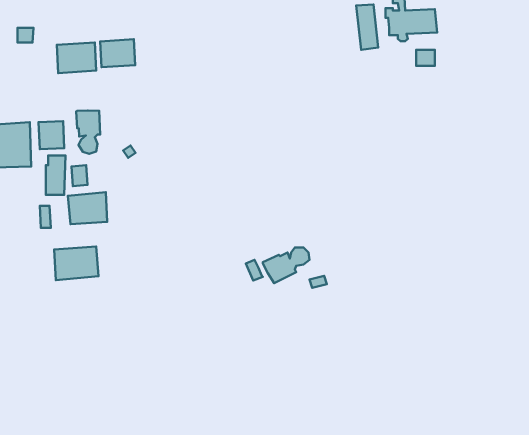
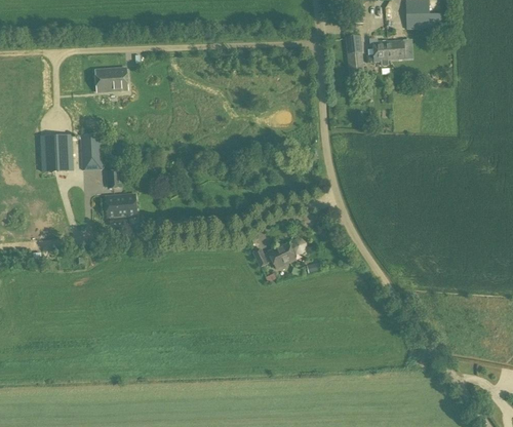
building: [100,39,135,67] -> none
building: [76,110,100,154] -> none
building: [54,247,99,280] -> none

